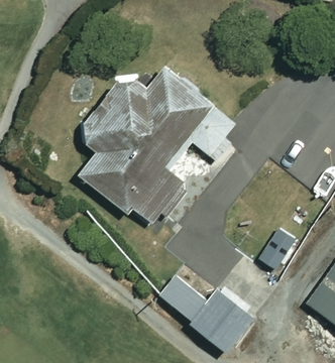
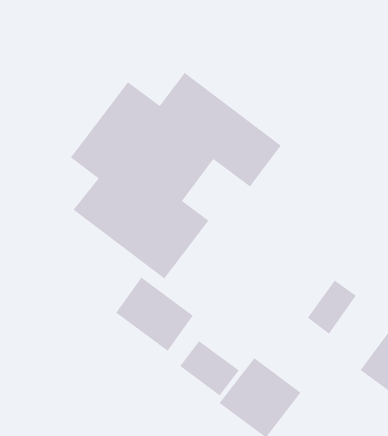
building: none -> [115,276,194,352]

